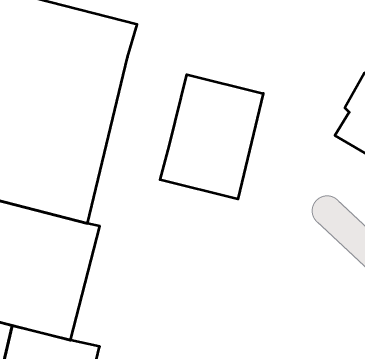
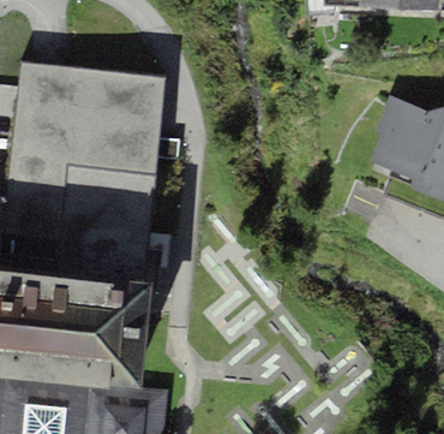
building: [160,75,263,199] -> none

